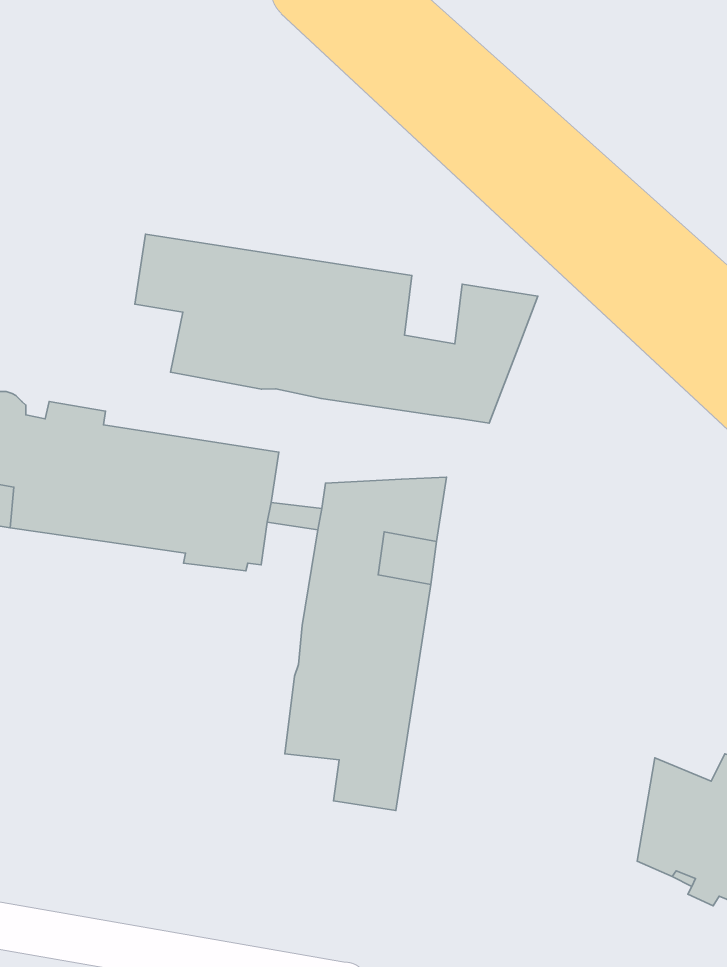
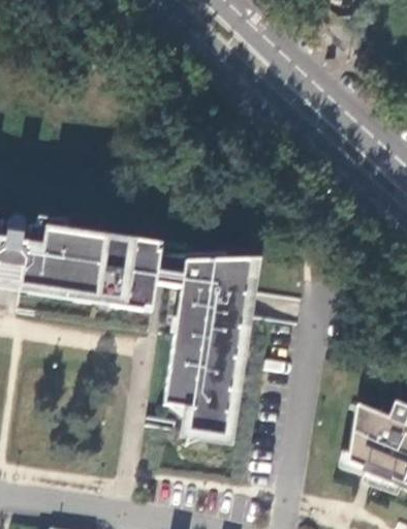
building: [135,234,538,423] -> none

